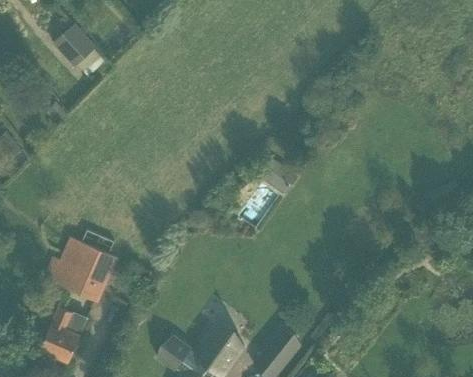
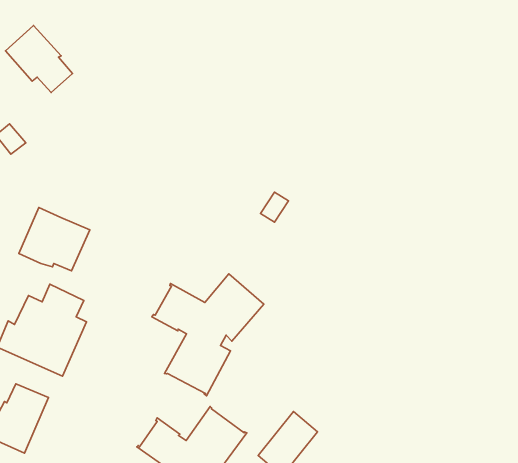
building: none -> [19,207,90,271]
building: none -> [152,274,264,396]

